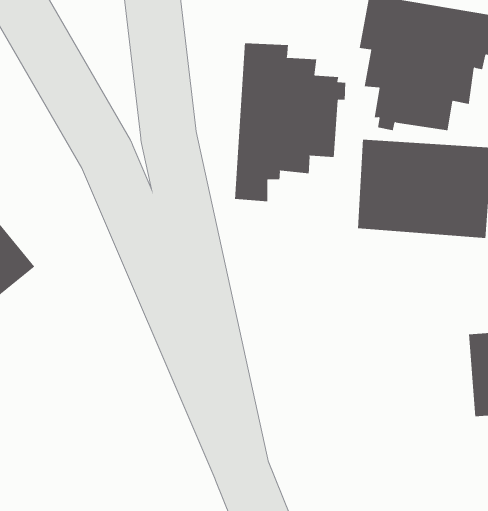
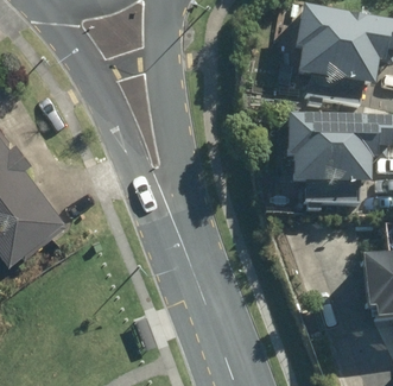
building: [235,42,346,202] -> none

